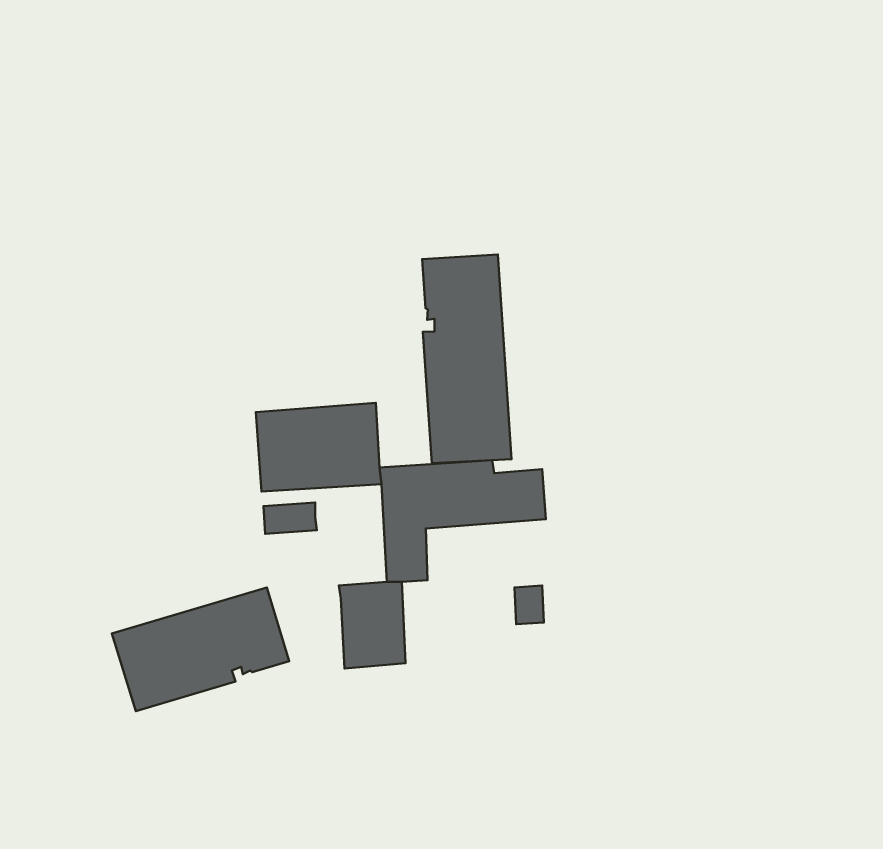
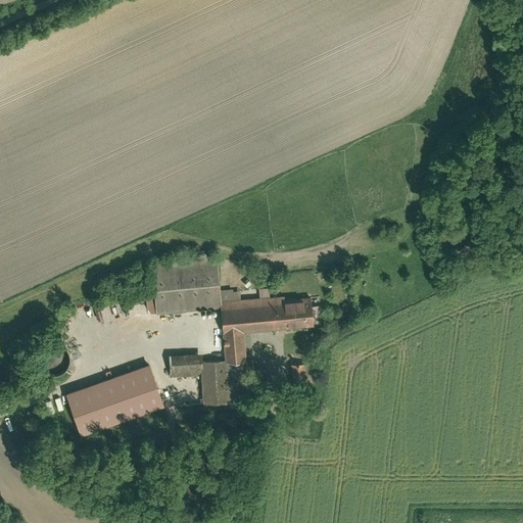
building: [422,255,511,463] -> none
building: [263,502,317,534] -> [168,356,197,374]

